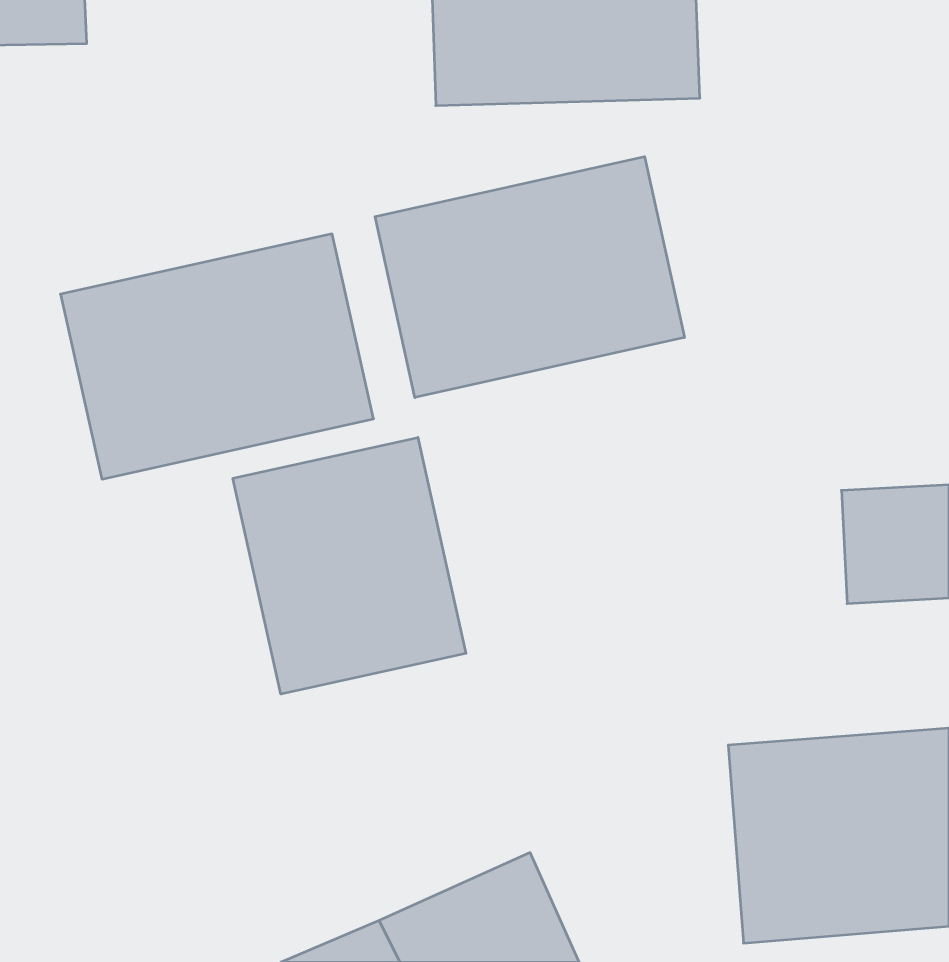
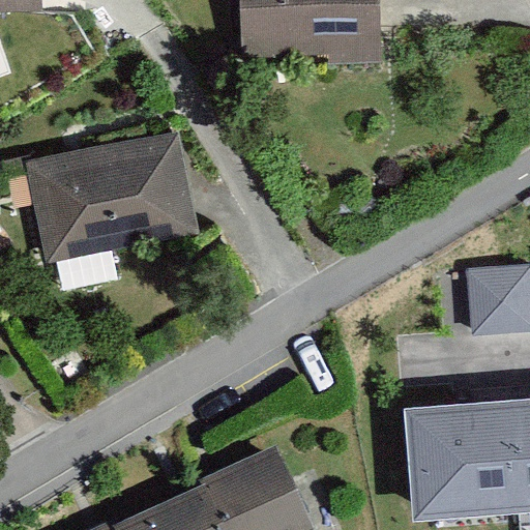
building: [375,157,684,398] -> none
building: [233,437,466,694] -> none

